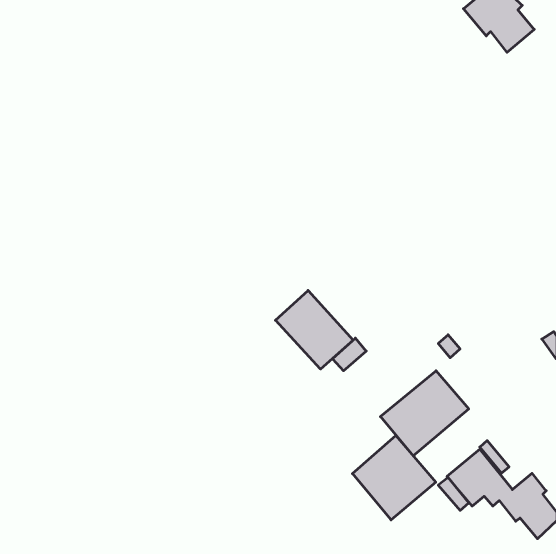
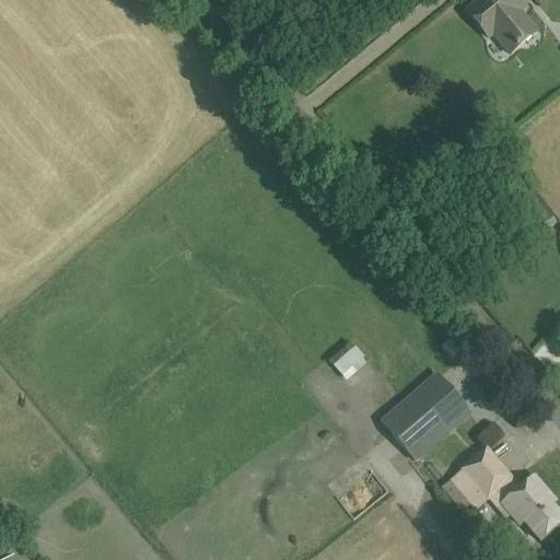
building: [275,290,353,369] -> none
building: [352,436,436,520] -> none

